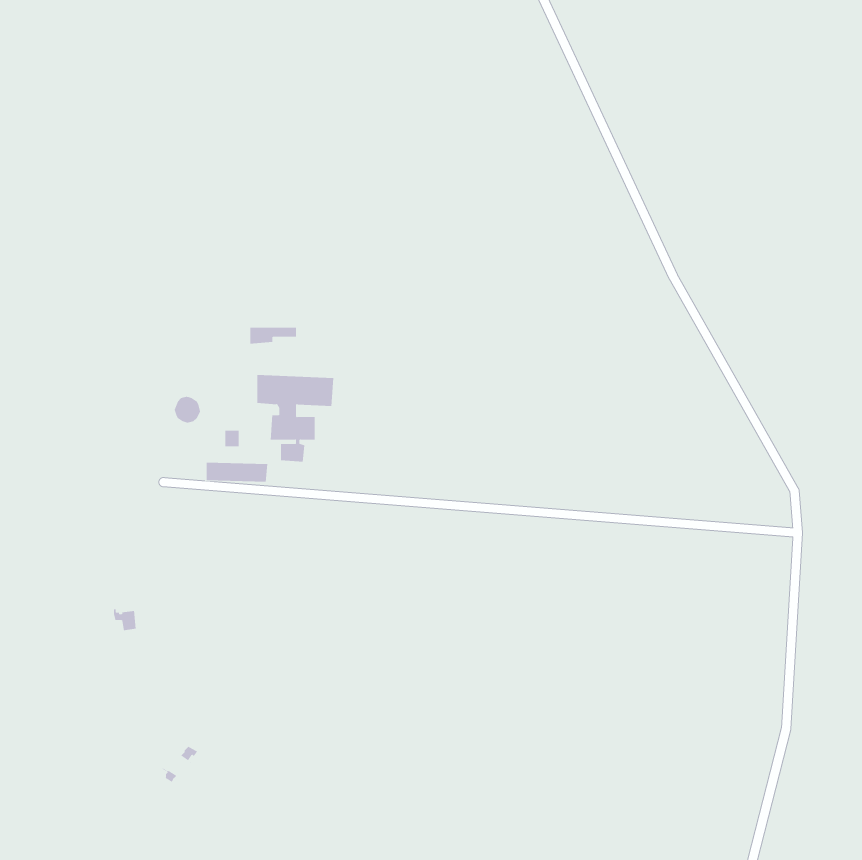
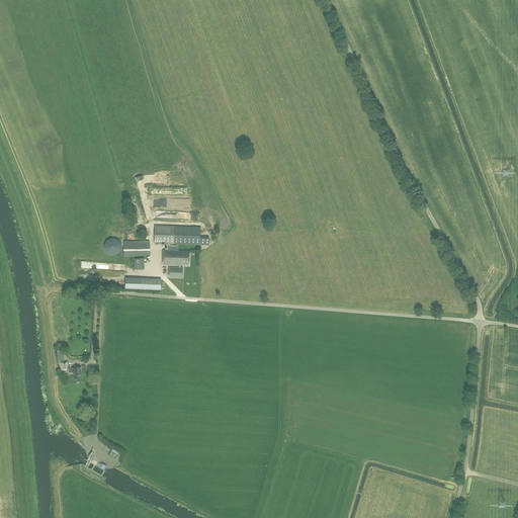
building: none -> [123,240,150,255]

